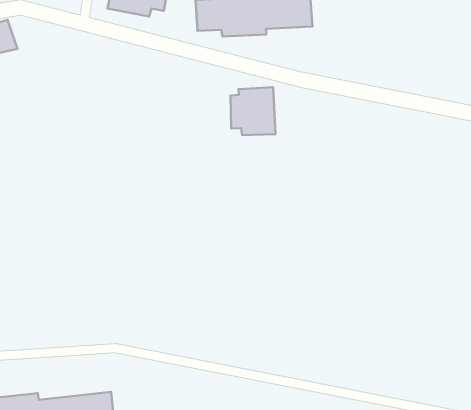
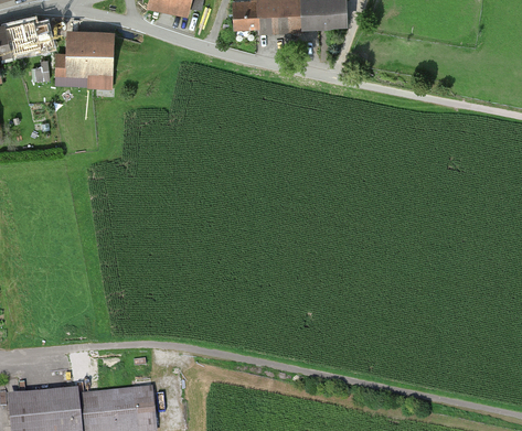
building: none -> [53,30,116,89]
building: [231,87,276,135] -> none

